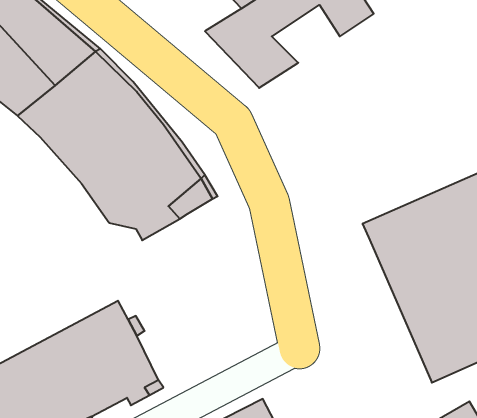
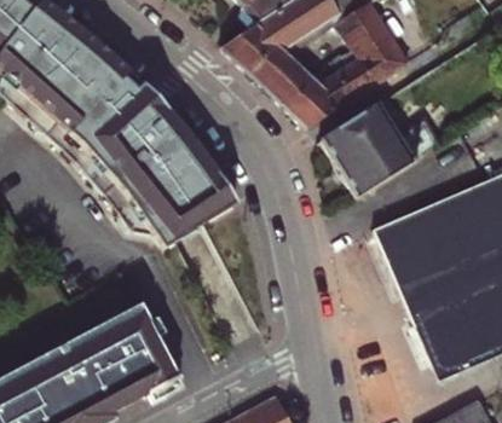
building: none -> [276,27,409,128]
building: none -> [322,104,442,197]

